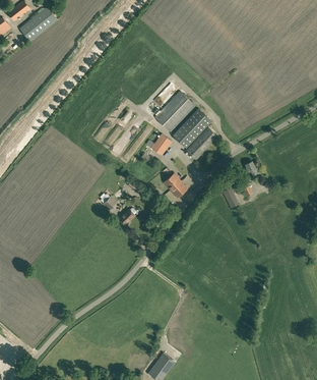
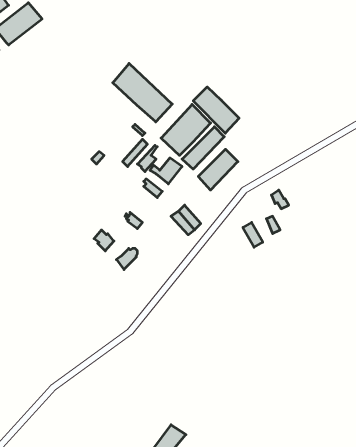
building: none -> [113,63,172,122]
building: none -> [193,87,239,133]

